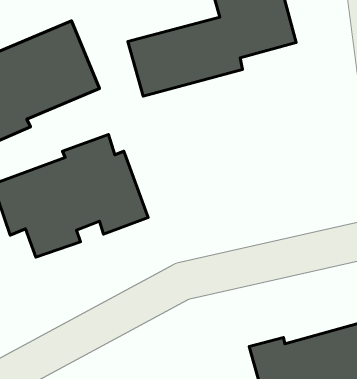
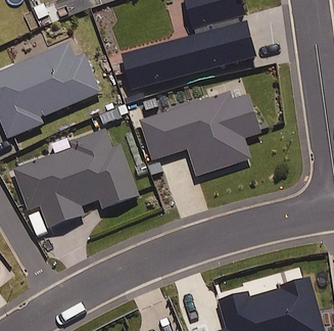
building: none -> [139,92,259,175]

